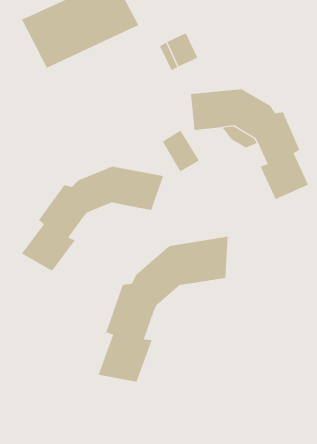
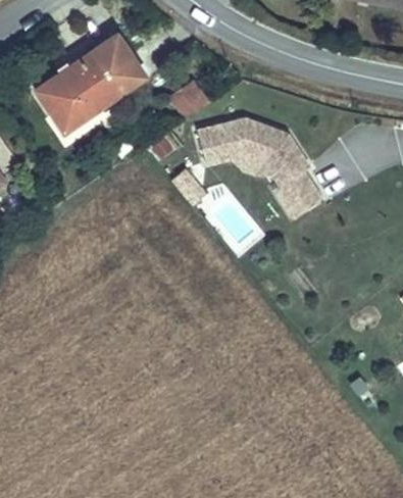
building: [21,166,164,272] -> none
building: [98,236,228,382] -> none

